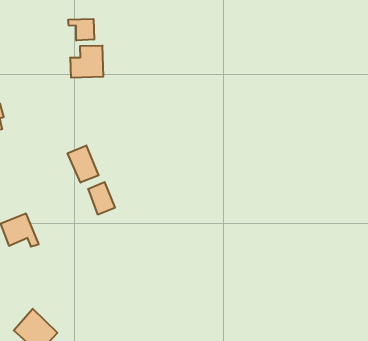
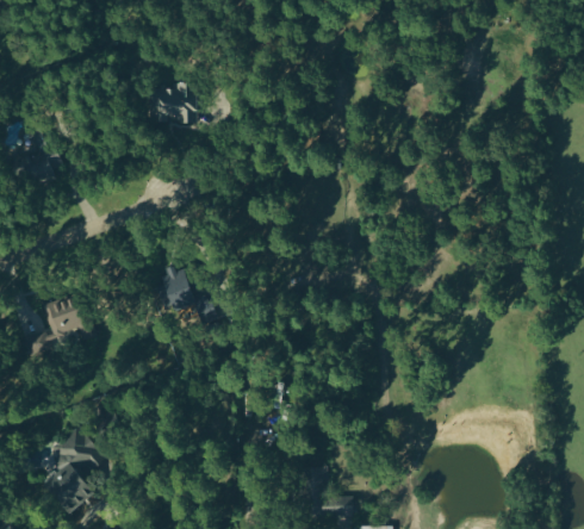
building: [68,19,94,41] -> none
building: [68,145,99,183] -> none

